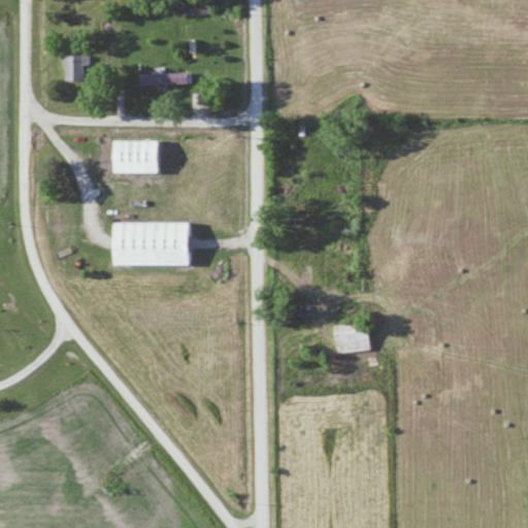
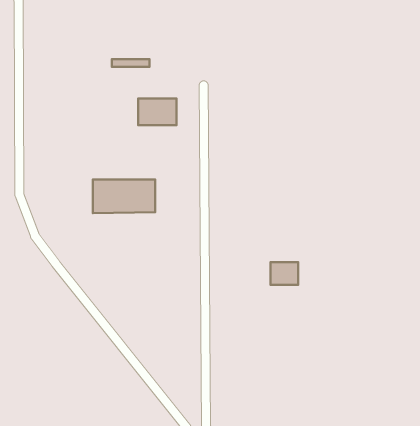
building: [59,55,86,81] -> none
building: [113,140,161,173] -> [138,99,176,125]

